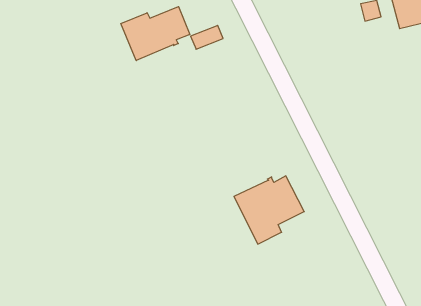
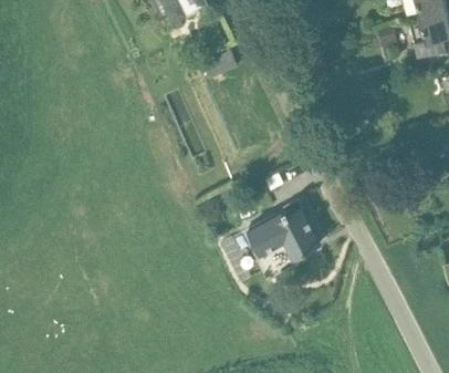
building: [121,7,190,61] -> none

